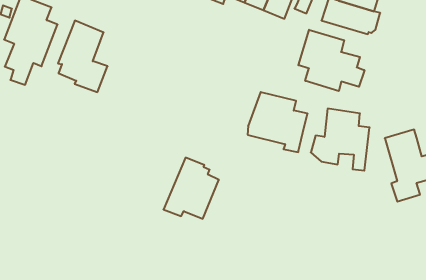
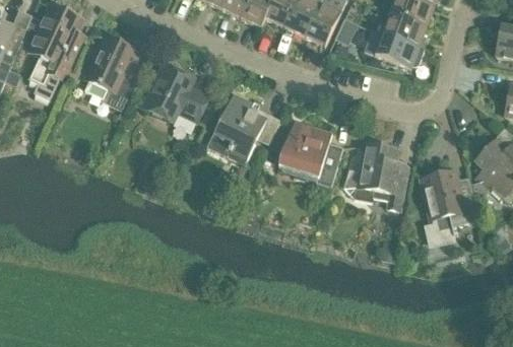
building: [298,30,364,91] -> none
building: none -> [143,63,210,121]
building: [163,158,219,219] -> [207,93,267,158]

